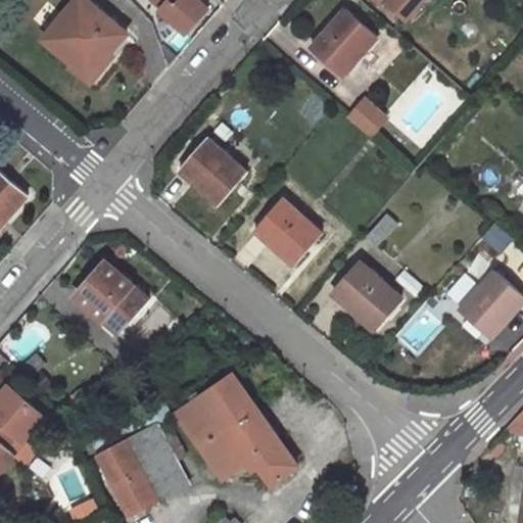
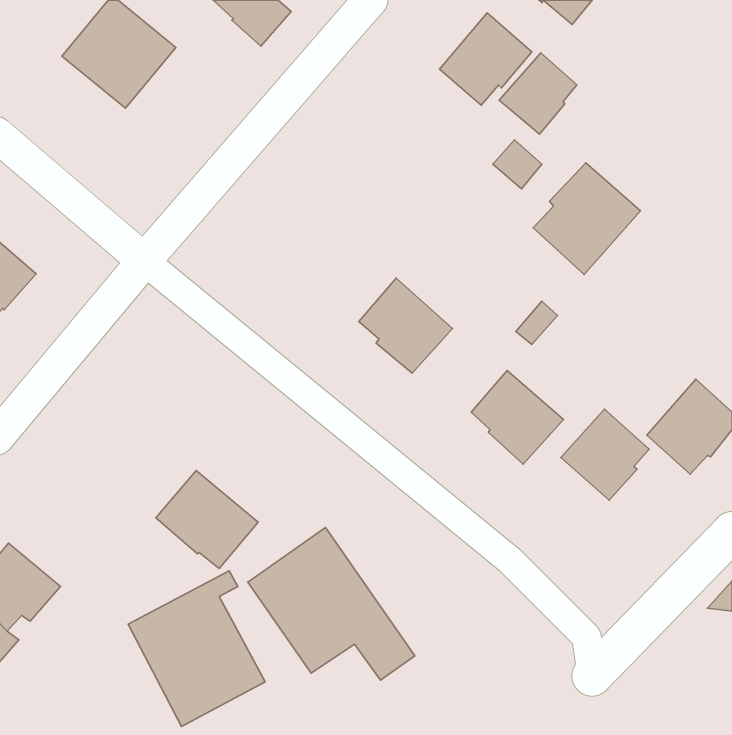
building: none -> [499,53,577,134]
building: none -> [533,163,640,275]
building: [181,138,246,204] -> none
building: [74,264,146,333] -> [156,470,258,568]
building: none -> [561,409,649,500]

